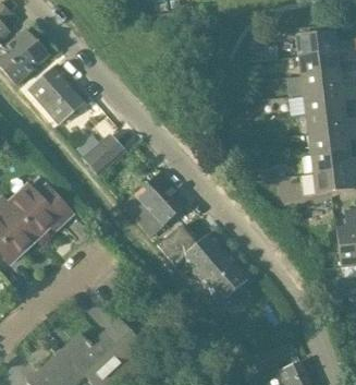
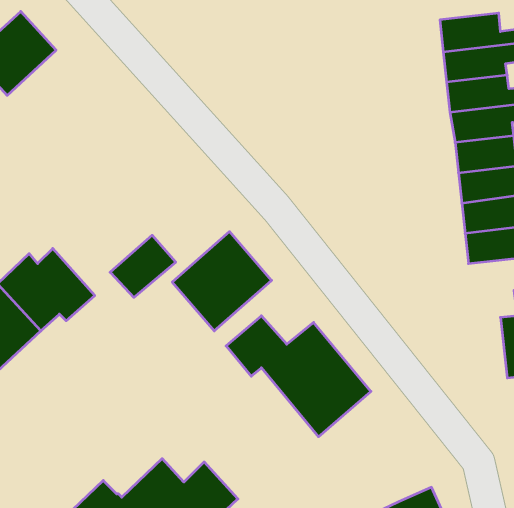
building: [28,64,85,121] -> none
building: [79,133,122,173] -> [110,235,176,297]

